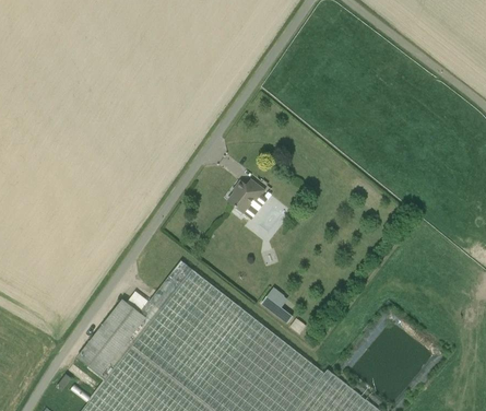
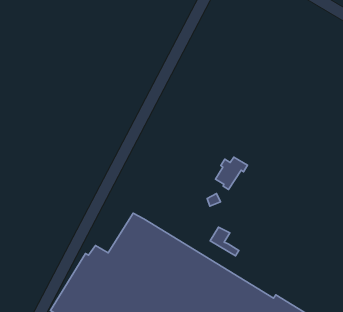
building: [228,180,265,215] -> [215,157,248,189]

